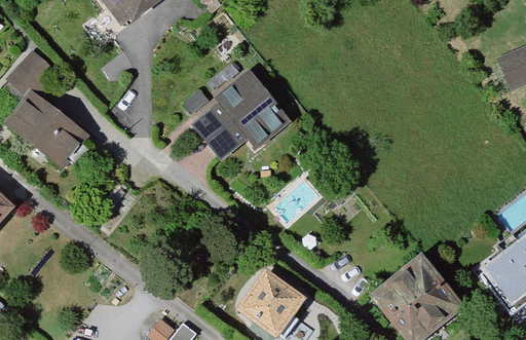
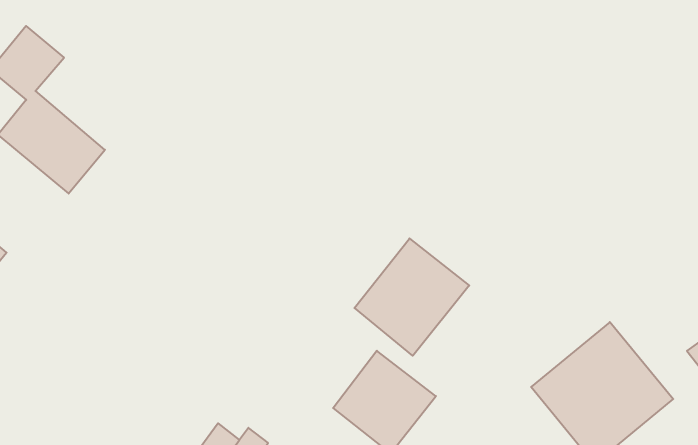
building: [181,67,286,168] -> none
building: none -> [354,238,469,356]

